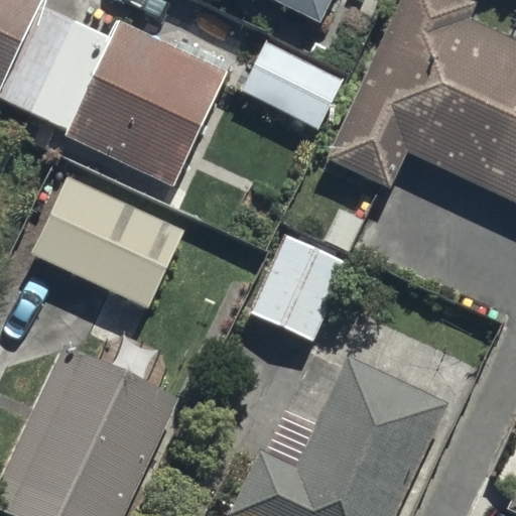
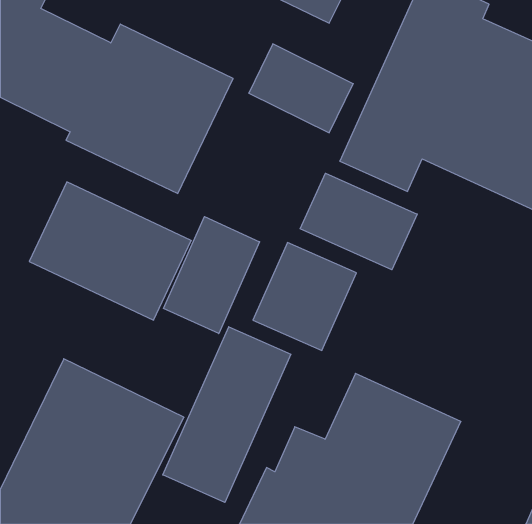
building: none -> [300,173,417,270]
building: none -> [164,217,260,334]
building: none -> [163,327,291,502]

